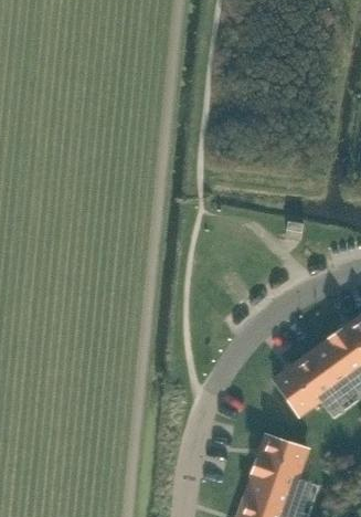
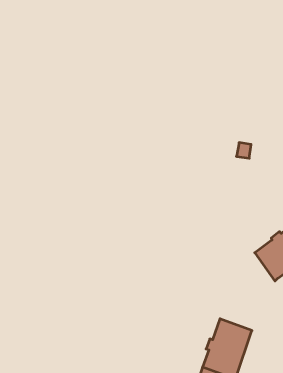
building: [273,355,333,414] -> none

